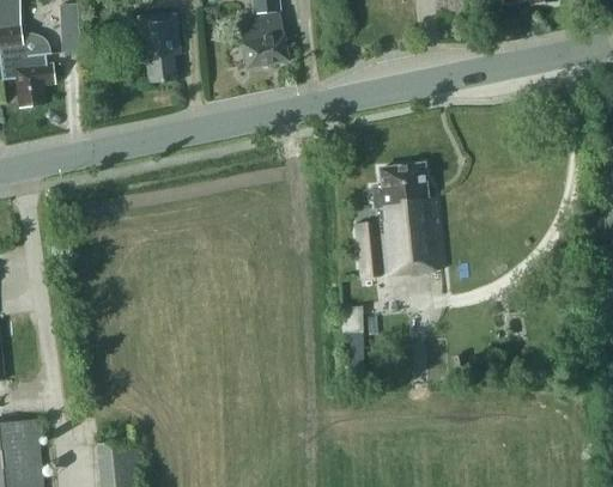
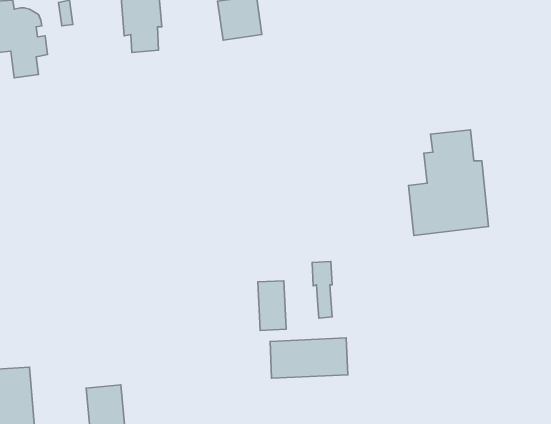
building: [353,162,439,275] -> [408,130,488,235]
building: none -> [258,281,286,330]
building: none -> [270,338,348,378]

